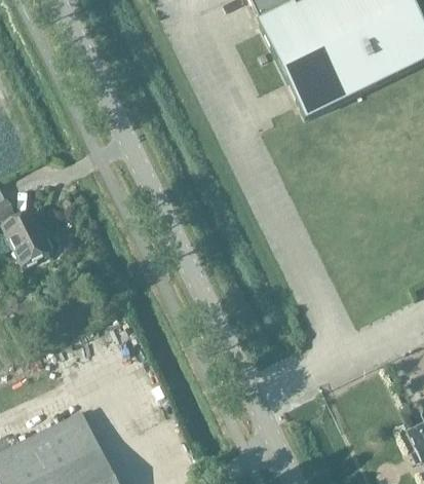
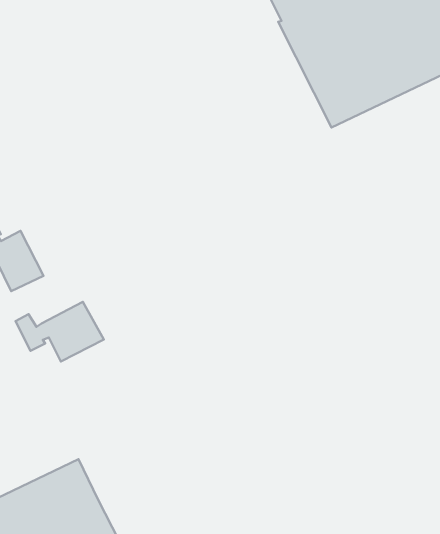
building: none -> [15,302,104,362]

